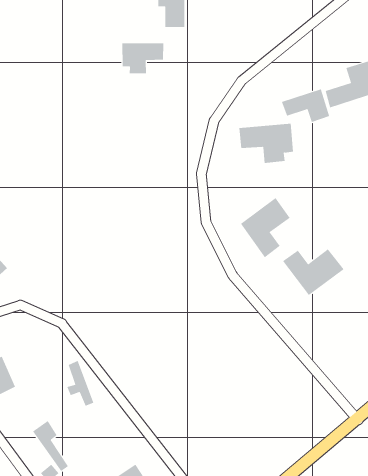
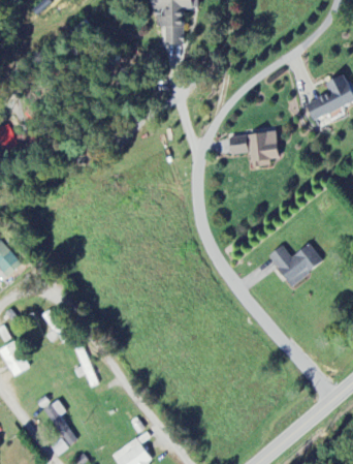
building: [122,43,164,74] -> none
building: [281,89,330,123] -> none
building: [240,197,290,258] -> none

